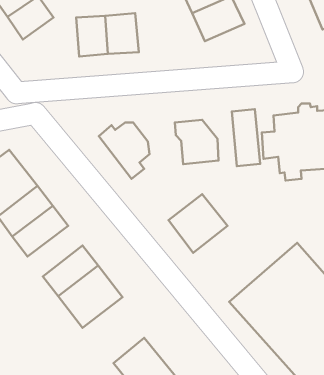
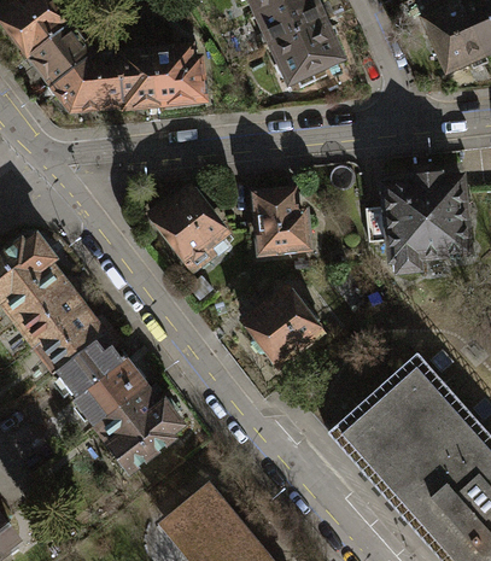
building: none -> [48,54,123,110]
building: [232,109,260,166] -> none
building: none -> [54,332,128,399]

